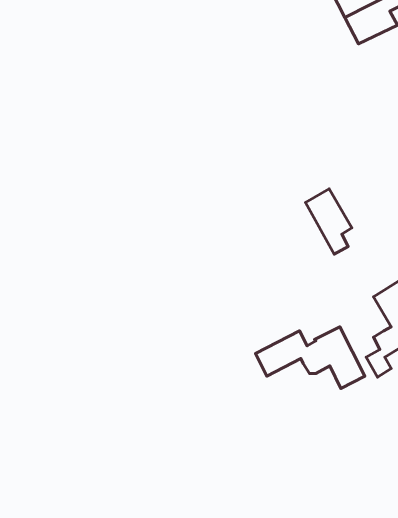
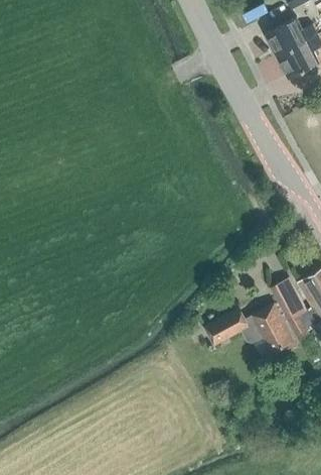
building: [305,189,352,254] -> [272,276,309,329]

